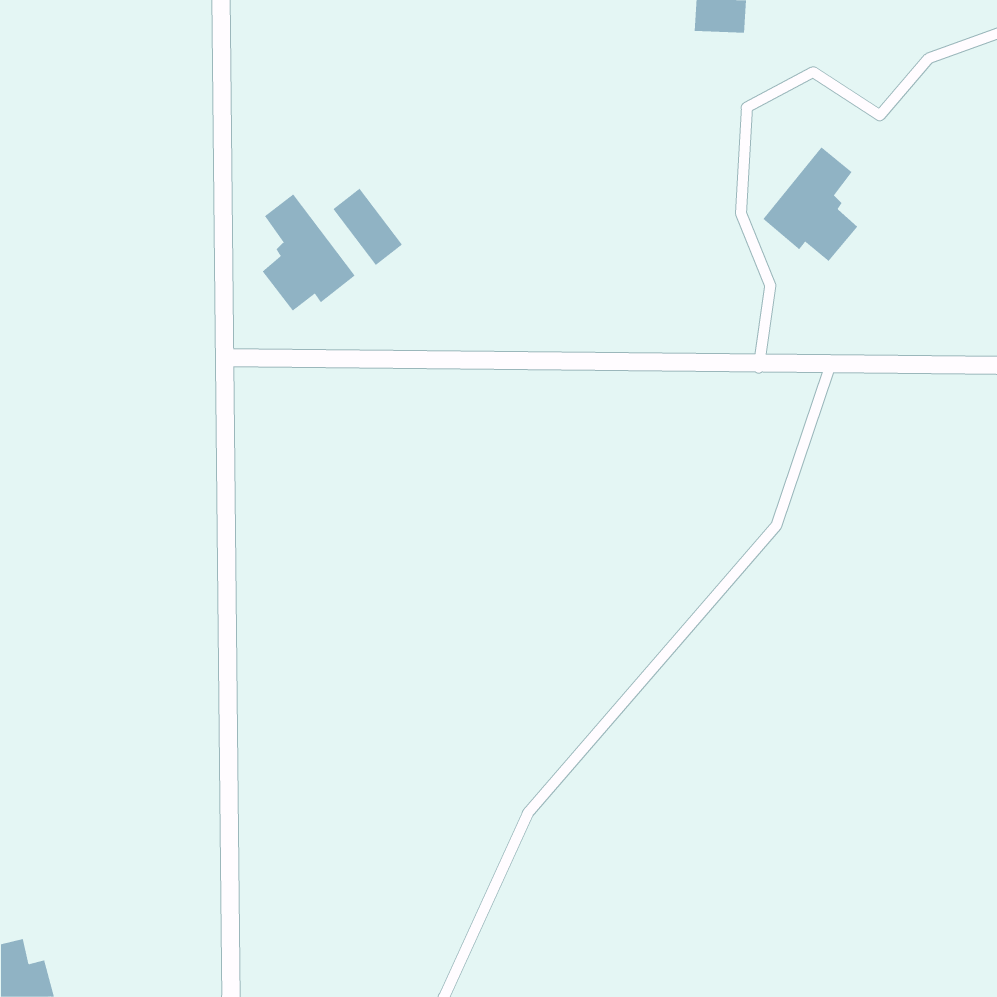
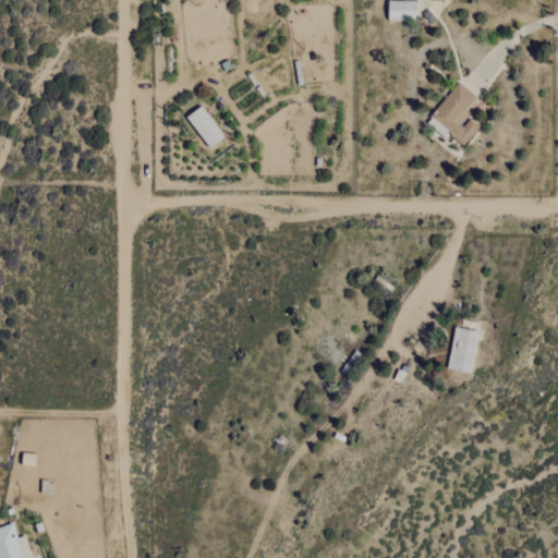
building: [262,194,355,311] -> none
building: none -> [447,326,480,373]

